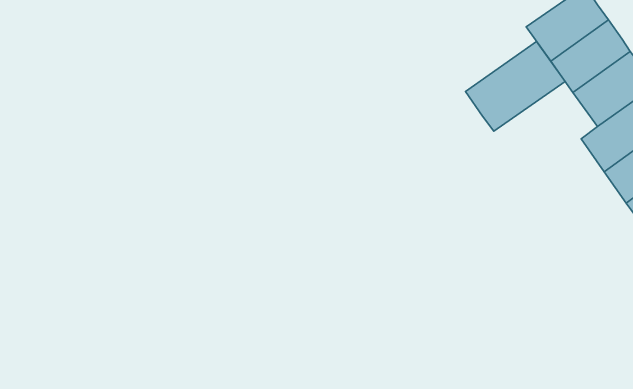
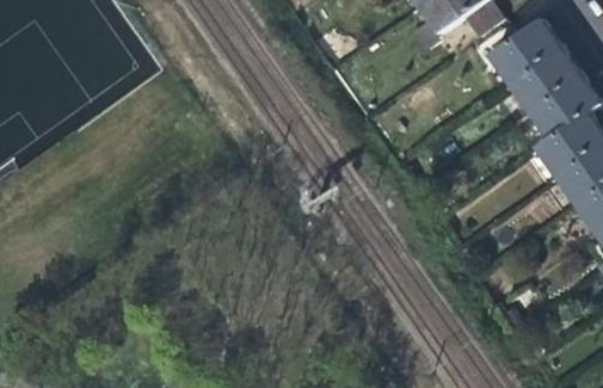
building: [465,42,565,131] -> none

